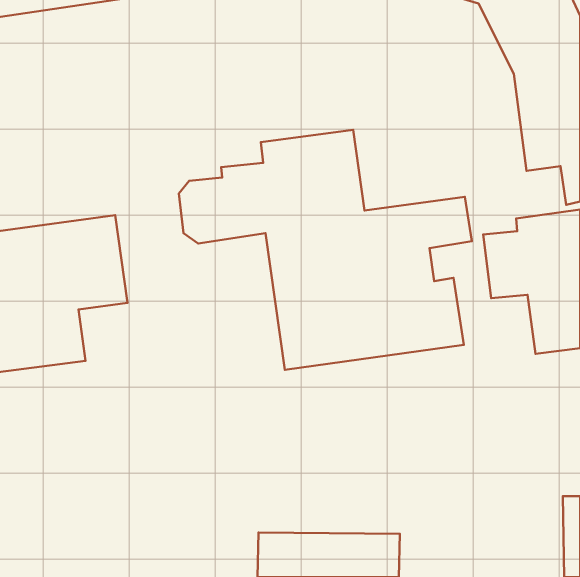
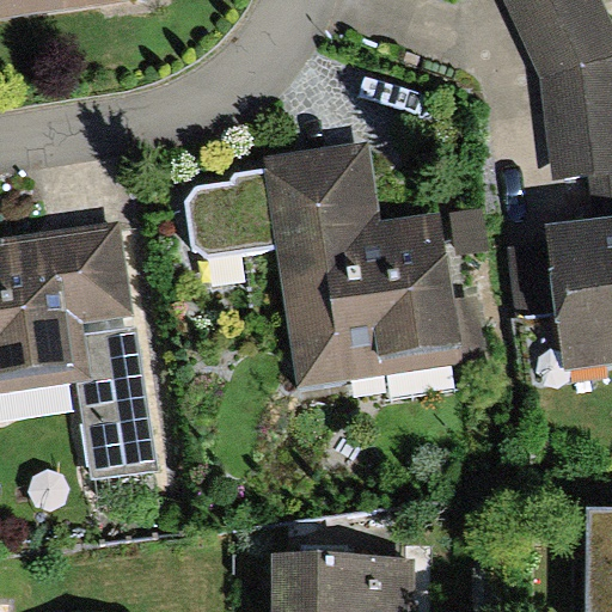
building: none -> [75,328,158,481]

